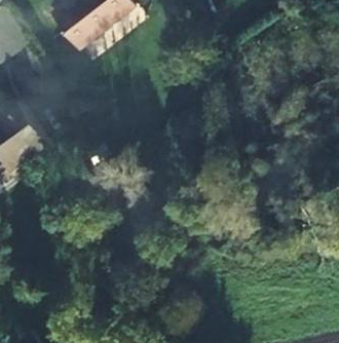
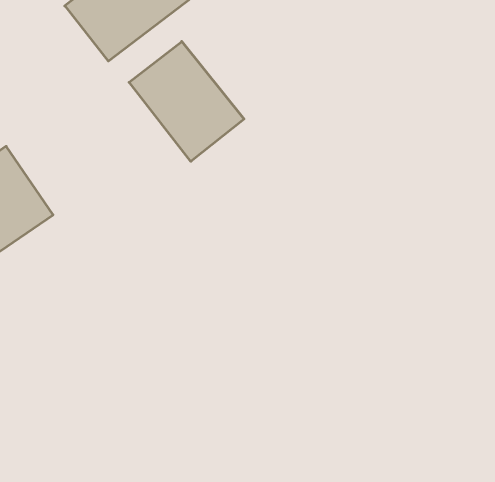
building: none -> [129,41,244,161]

